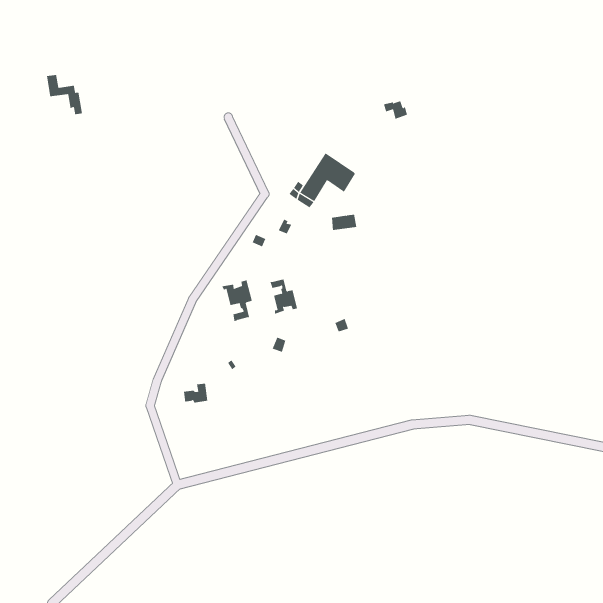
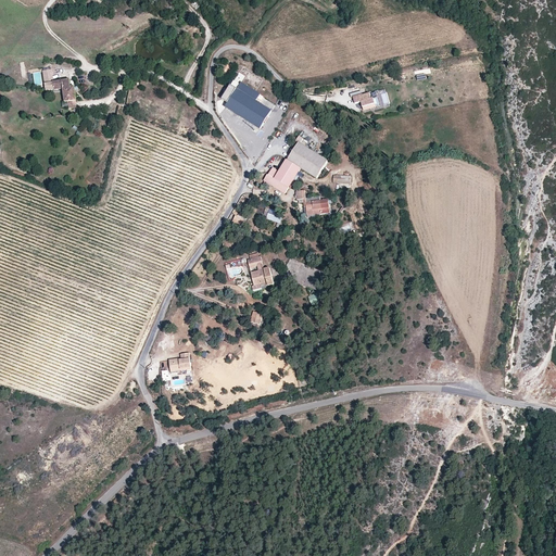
building: none -> [225,81,271,128]
building: [221,279,252,322] -> none

